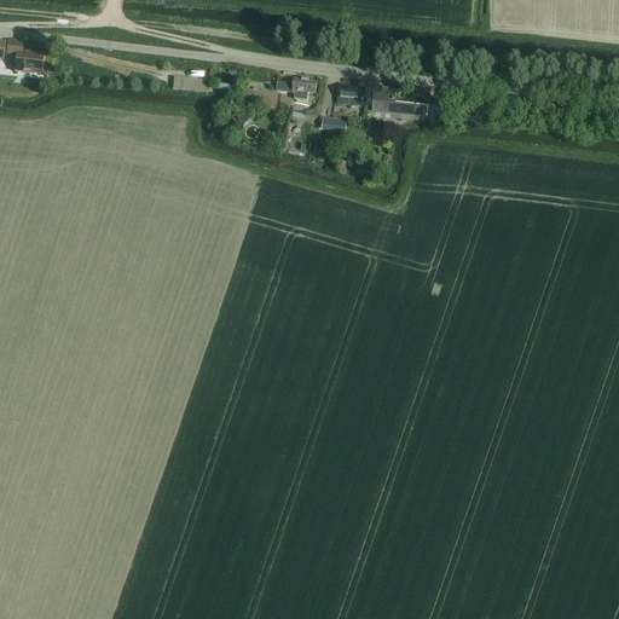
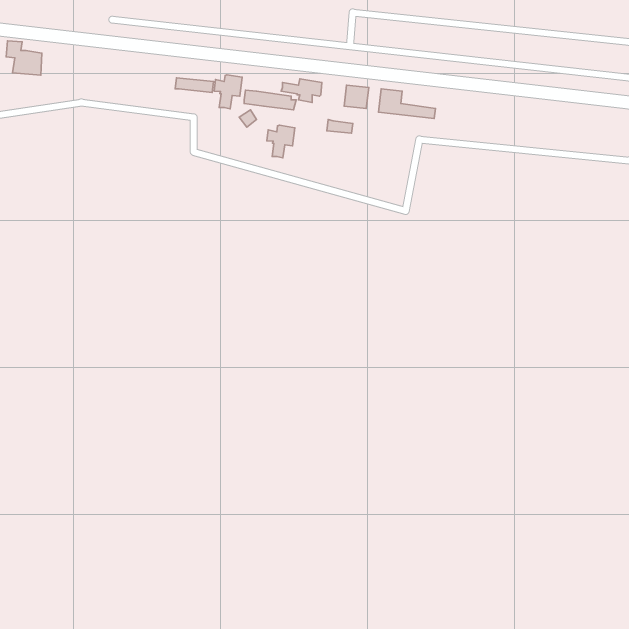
building: none -> [214,75,242,109]
building: none -> [267,125,295,158]

